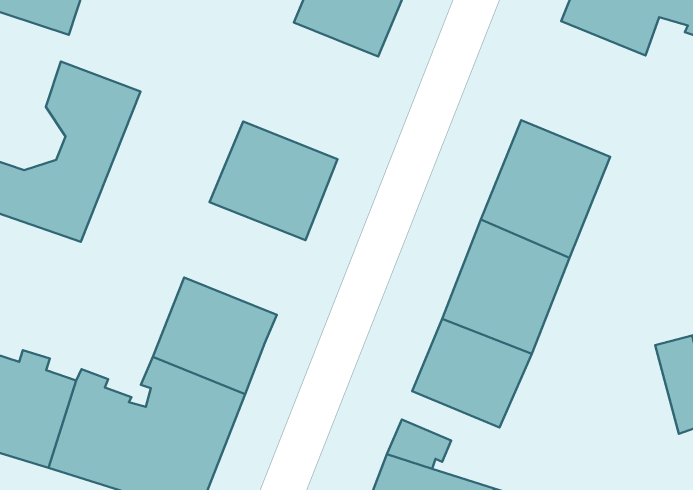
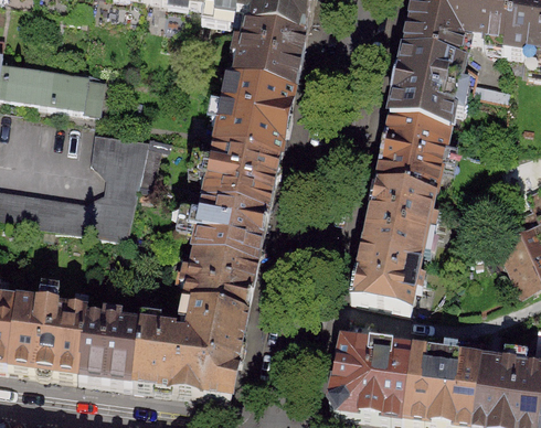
building: none -> [215,74,293,156]
building: none -> [389,45,463,125]
building: none -> [192,196,267,259]

